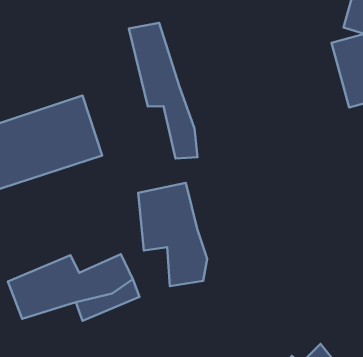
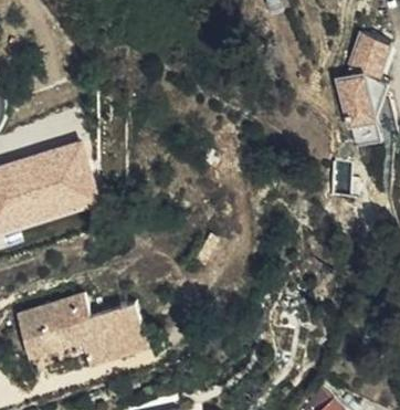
building: [129,23,198,159] -> none
building: [138,183,207,286] -> none

